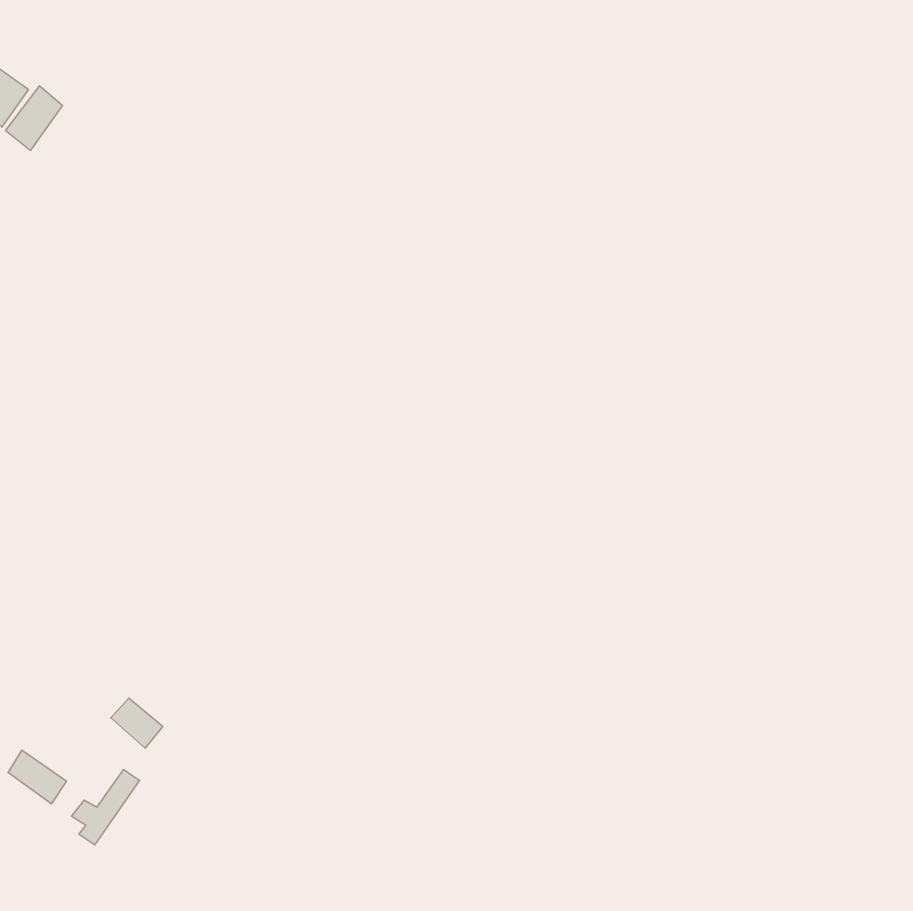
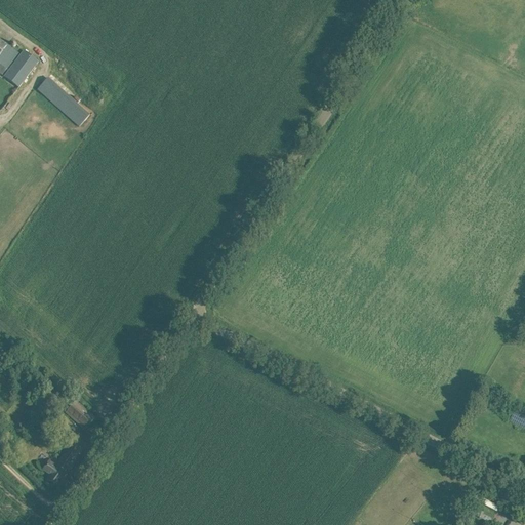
building: none -> [35,76,89,125]
building: [8,750,67,804] -> none

